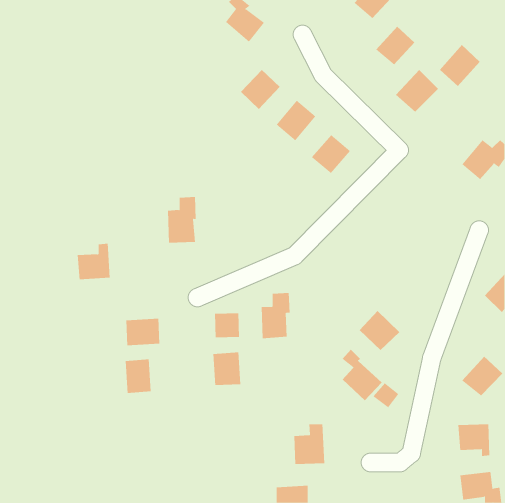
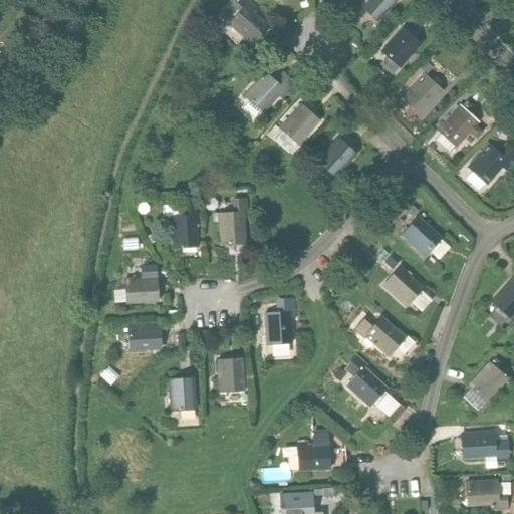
building: [439,44,481,87] -> [438,103,480,147]
building: none -> [217,197,248,246]
building: none -> [401,214,443,256]
building: [77,243,111,280] -> [124,266,159,303]
building: none -> [383,265,426,307]
building: [214,313,240,338] -> none
building: [125,359,151,393] -> [168,375,195,411]

